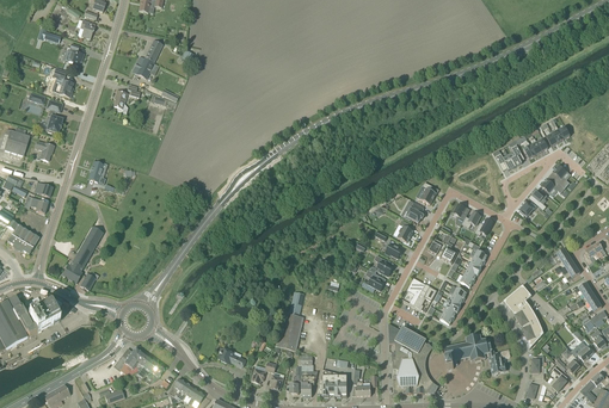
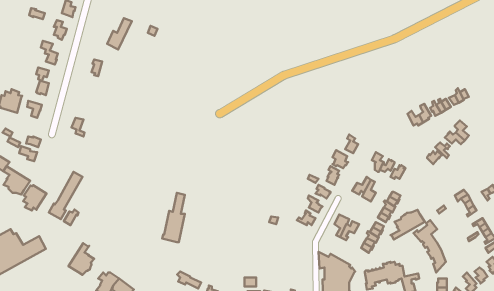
building: none -> [23,185,46,210]
building: none -> [390,210,425,239]
building: [276,291,303,351] -> [162,193,185,242]
building: none -> [69,243,94,275]

